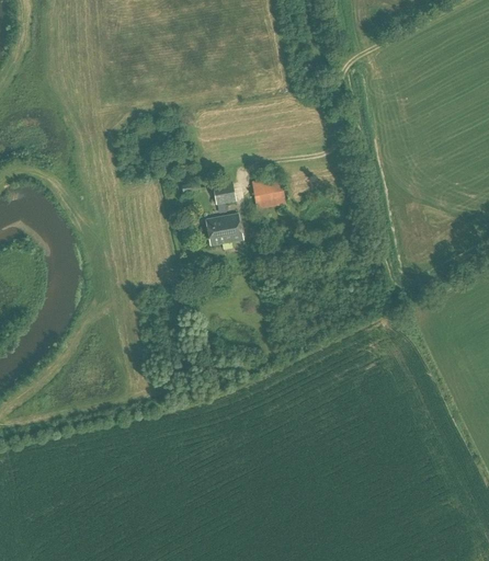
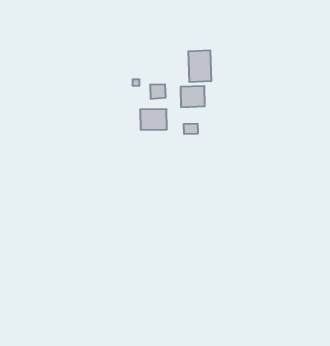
building: none -> [188,50,211,82]

